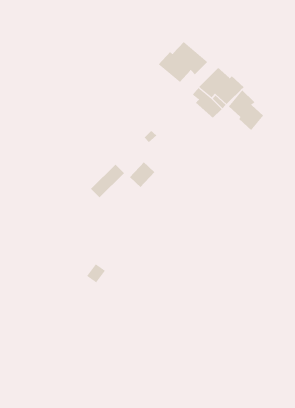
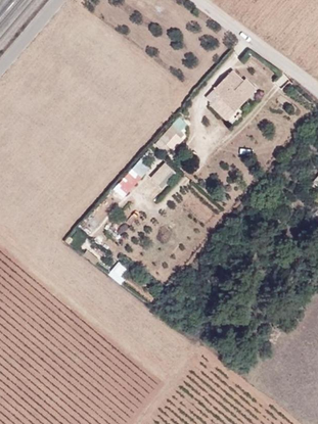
building: [158,41,208,83] -> none
building: [228,89,264,131] -> none

